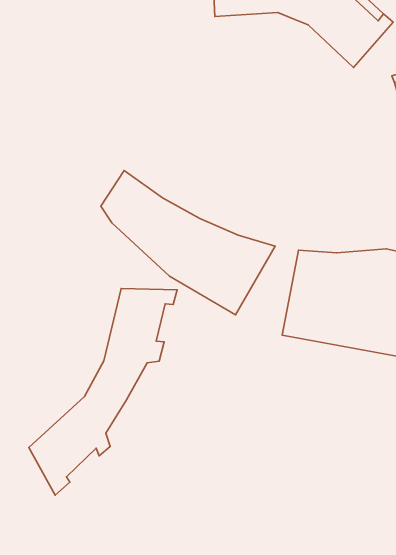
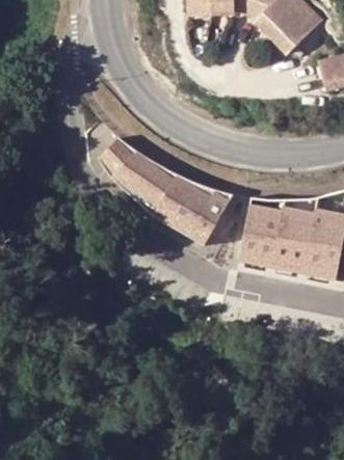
building: [29,289,177,495] -> none

